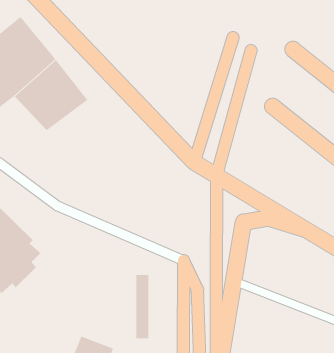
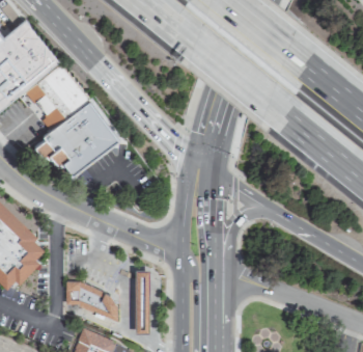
building: none -> [34,100,119,177]
building: none -> [66,279,118,321]

